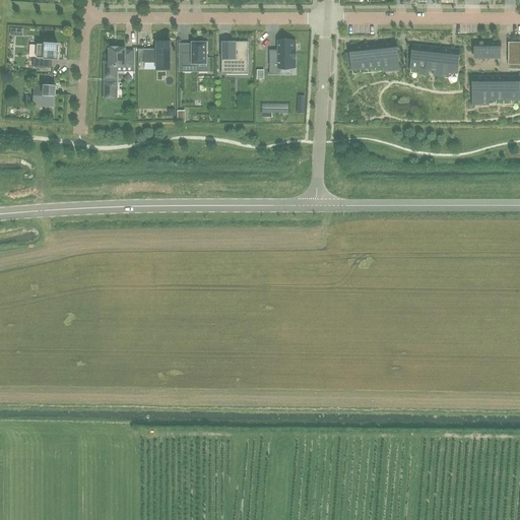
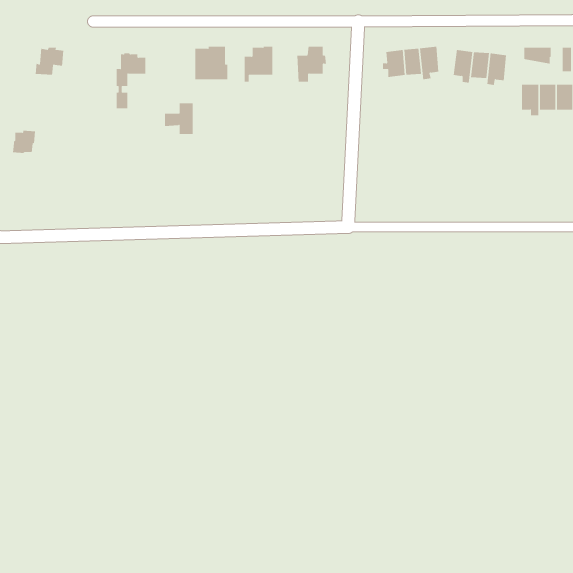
building: [143,43,170,71] -> [164,103,194,134]
building: [34,85,55,107] -> [12,130,36,154]

